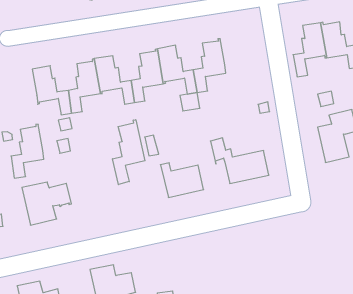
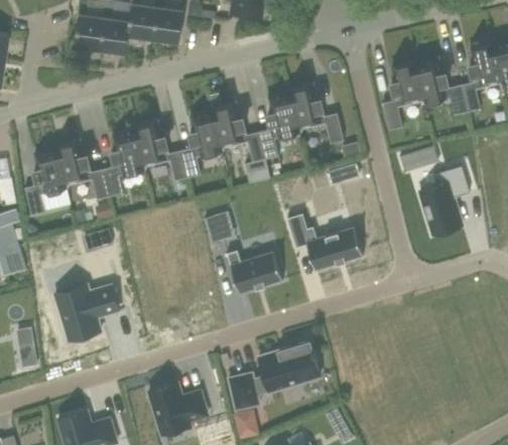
building: none -> [290,85,344,144]
building: [113,120,145,185] -> none
building: [11,124,44,178] -> [26,146,68,215]
building: none -> [229,342,321,411]

